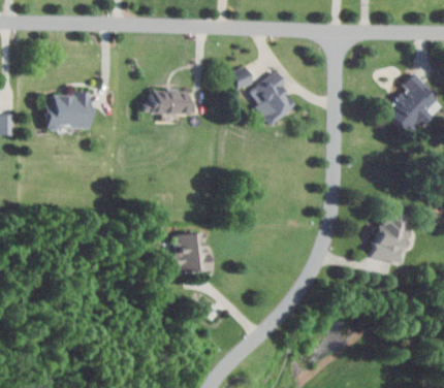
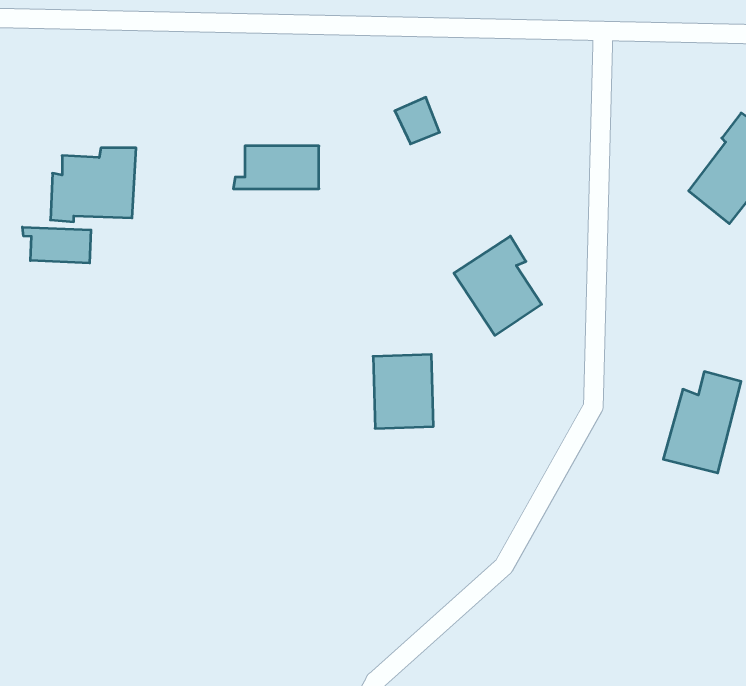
building: [247,70,293,123] -> [454,236,542,335]
building: none -> [22,227,91,263]
building: [173,232,205,271] -> [373,354,433,428]

